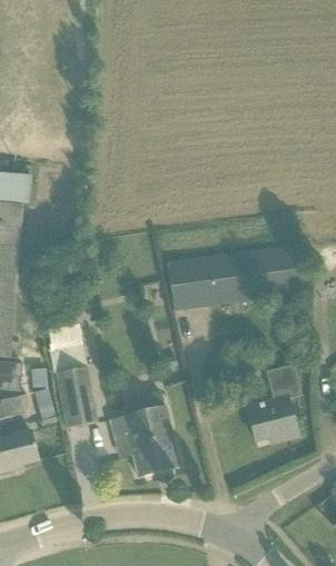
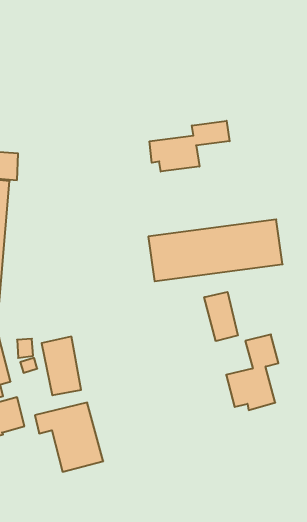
building: none -> [150,121,230,172]
building: none -> [204,292,238,341]
building: [110,405,181,477] -> [35,403,103,472]

